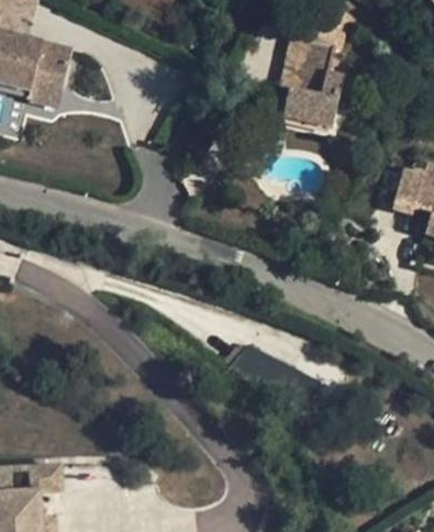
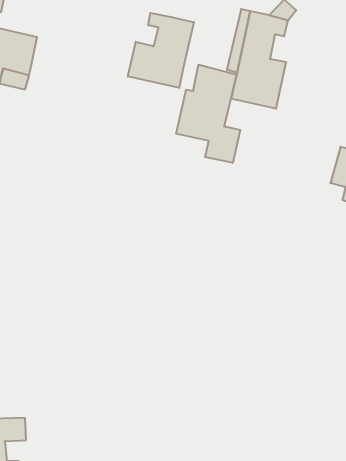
building: none -> [128,13,194,88]
building: none -> [176,65,240,163]

